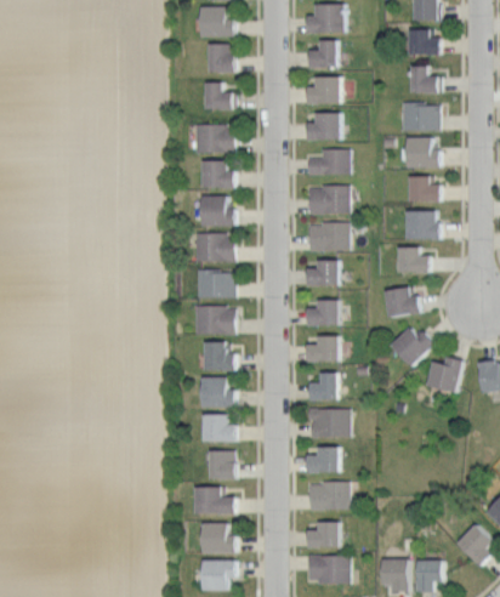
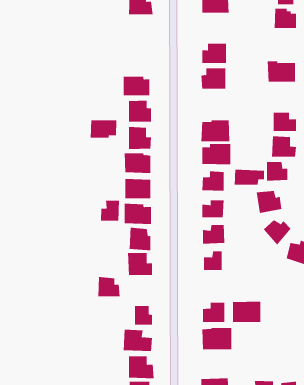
building: [306,40,337,68] -> none
building: [208,42,235,74] -> none
building: [409,64,439,93] -> none
building: [206,81,233,112] -> none
building: [407,136,439,169] -> none
building: [305,148,348,175] -> none
building: none -> [90,120,117,139]
building: none -> [234,169,264,185]
building: none -> [100,200,120,222]
building: [307,408,348,438] -> [232,301,261,322]
building: [204,413,237,442] -> [97,277,120,297]
building: [307,521,339,547] -> none

